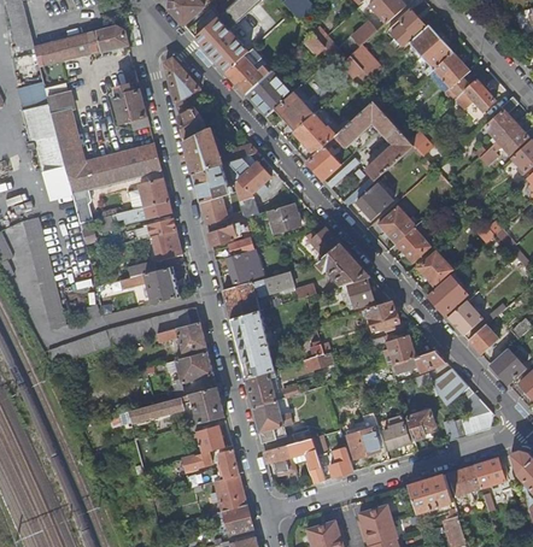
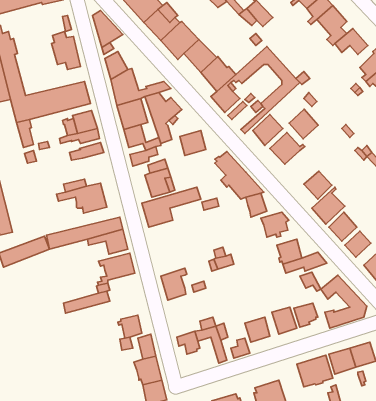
building: [394,227,429,263] -> [289,109,318,139]
building: [151,229,182,260] -> none
building: [230,311,274,378] -> none
building: [191,386,224,422] -> none
building: [253,400,292,442] -> none

